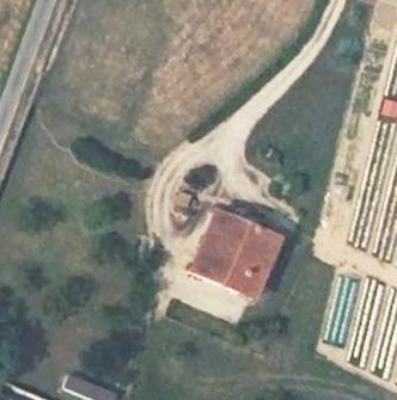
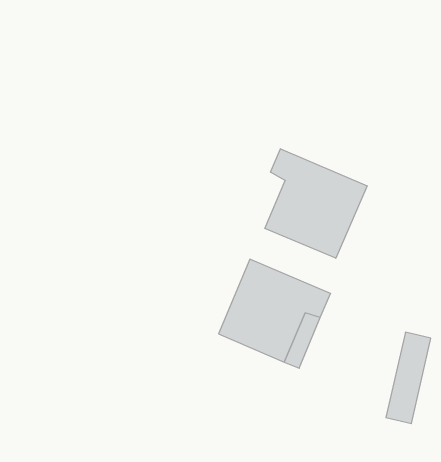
building: none -> [265,149,367,258]

